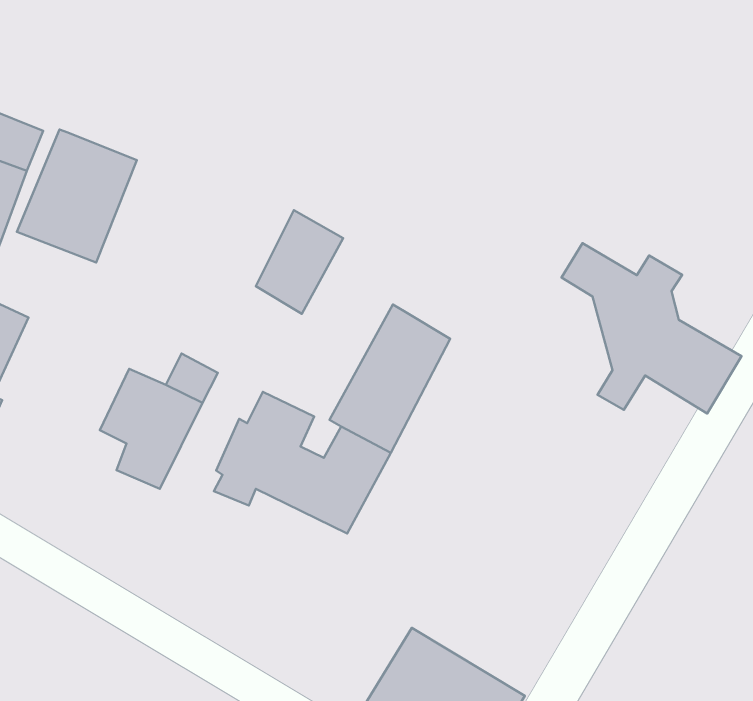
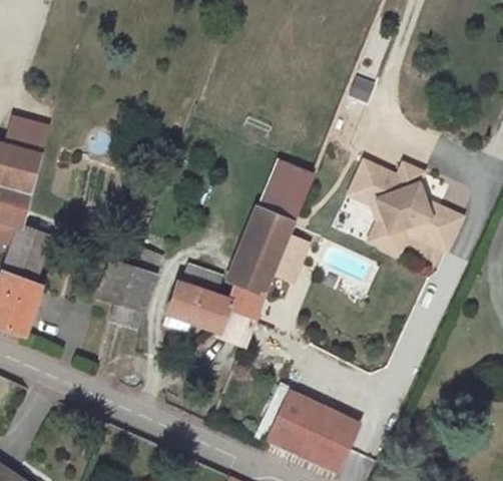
building: [17,129,137,263] -> none
building: [256,210,343,314] -> [266,163,313,222]
building: none -> [348,180,389,246]

